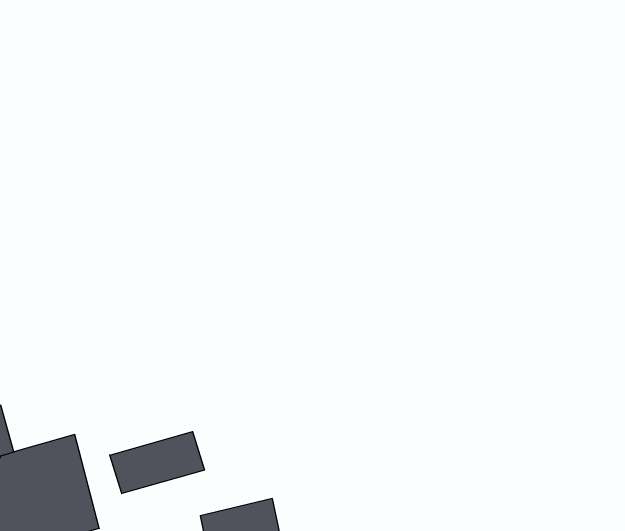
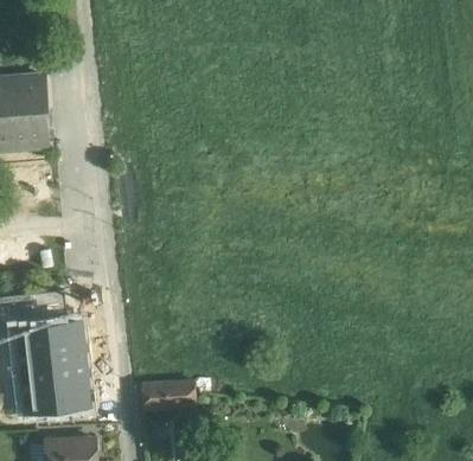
building: [110,432,205,494] -> none

